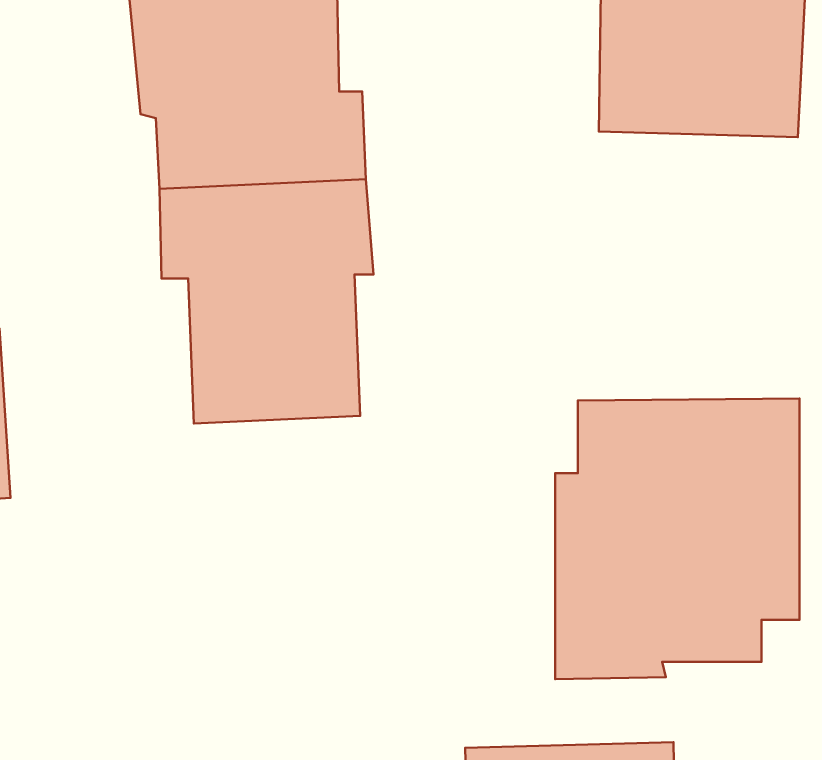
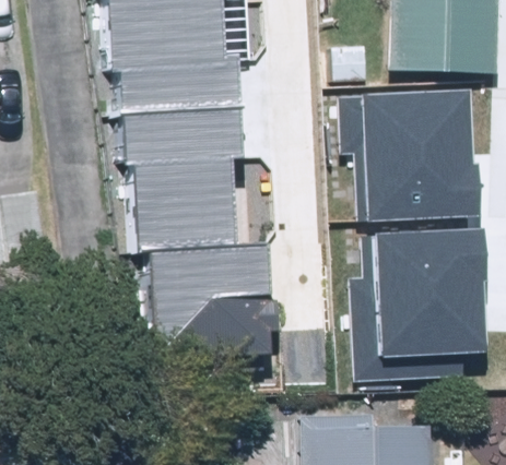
building: none -> [336,88,487,216]
building: none -> [153,245,276,357]

